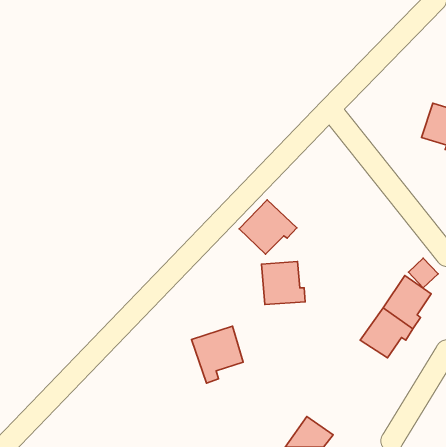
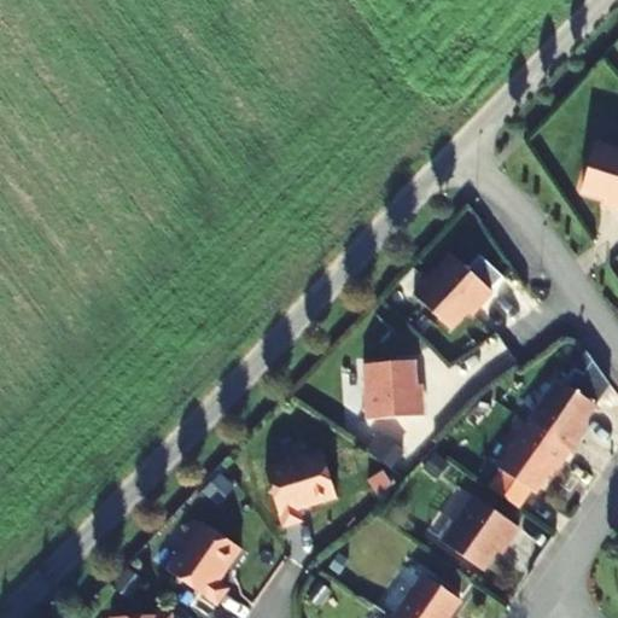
building: [239,200,297,254] -> [413,253,492,328]
building: none -> [444,499,520,570]
building: none -> [168,521,244,606]

